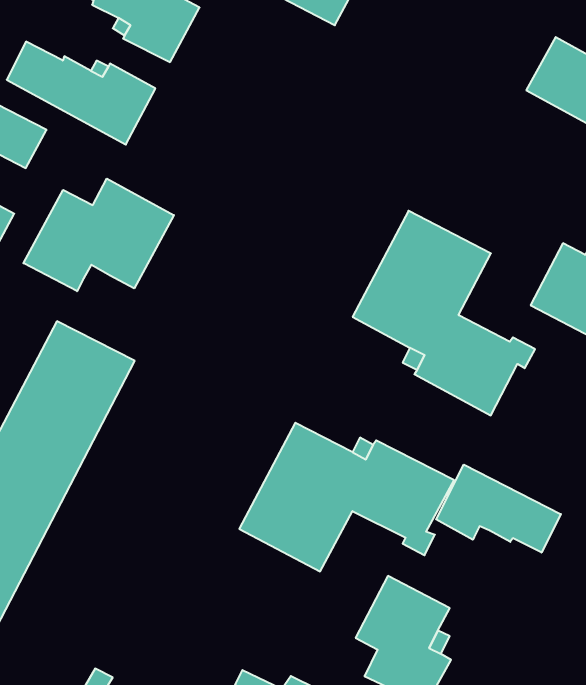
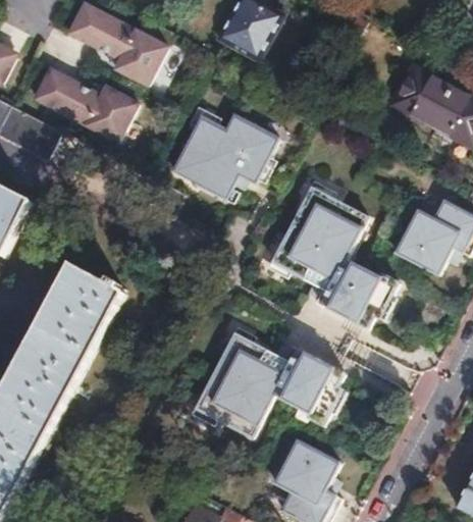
building: none -> [173,114,279,199]
building: [23,179,174,291] -> none
building: [436,465,561,553] -> none

